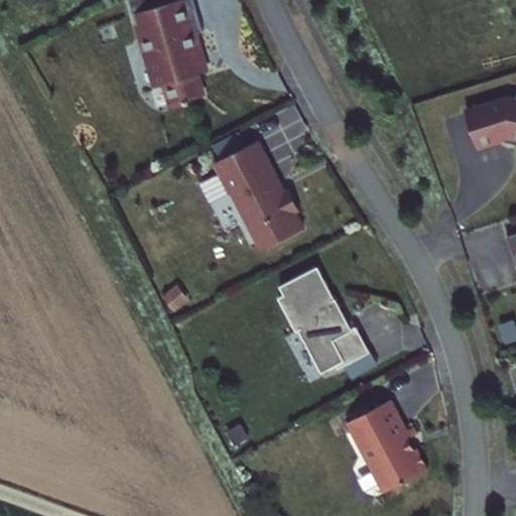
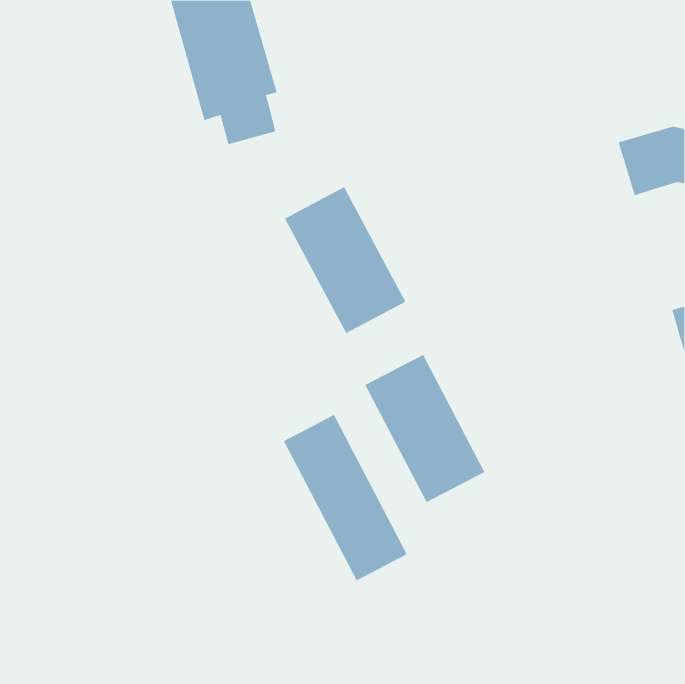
building: none -> [283,414,407,581]
building: [344,397,431,495] -> none

